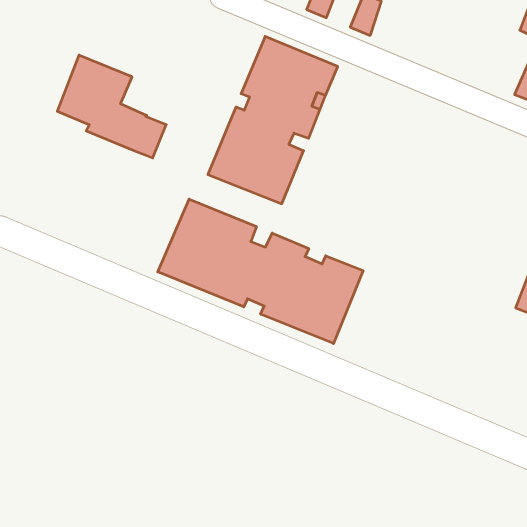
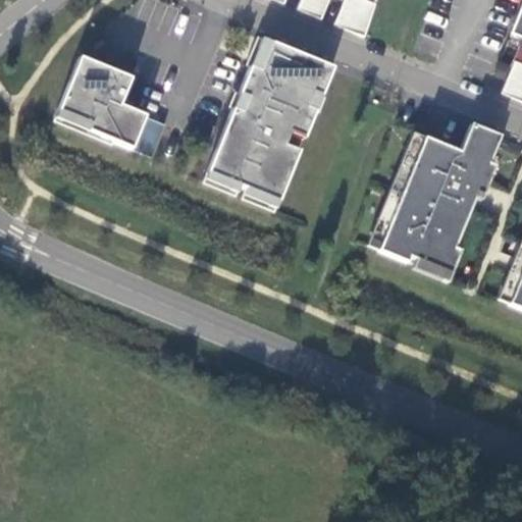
building: none -> [380,121,503,269]
building: [158,199,363,344] -> none

